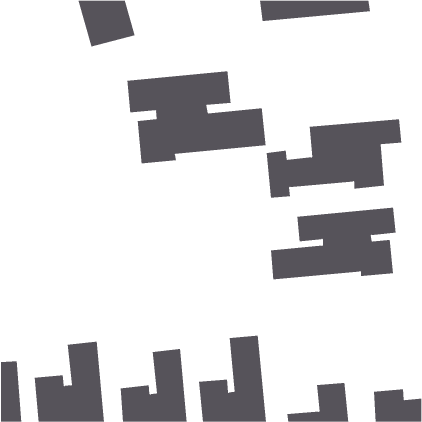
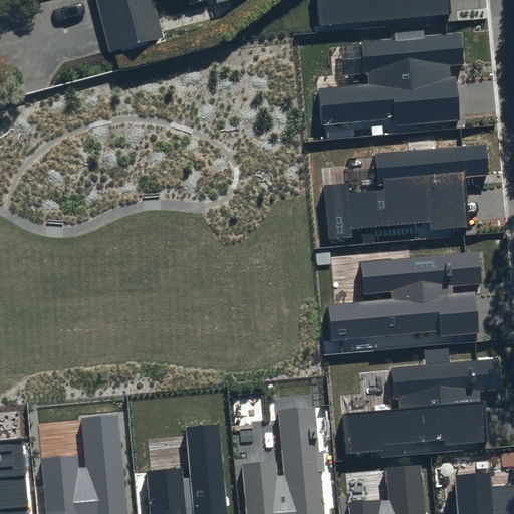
building: none -> [319,33,464,126]
building: [127,70,266,164] -> none
building: none -> [342,359,500,453]

